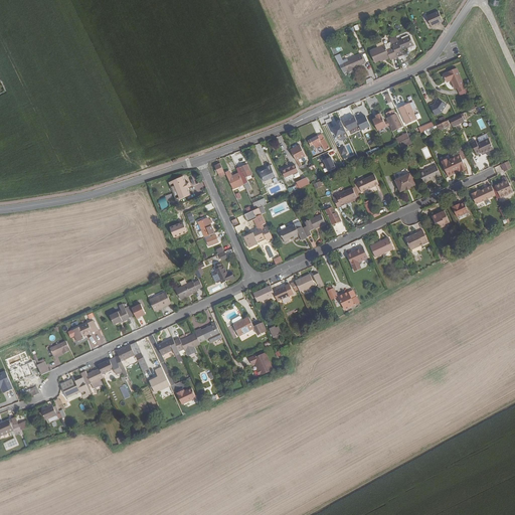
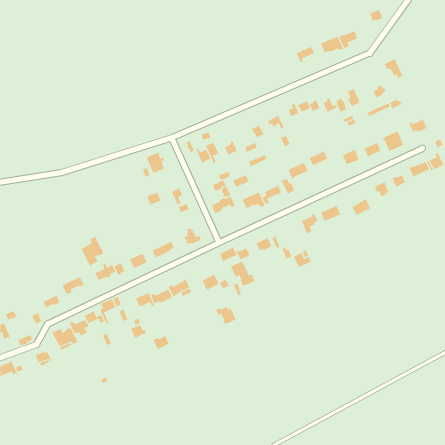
building: none -> [81,236,104,267]
building: none -> [230,261,255,287]

